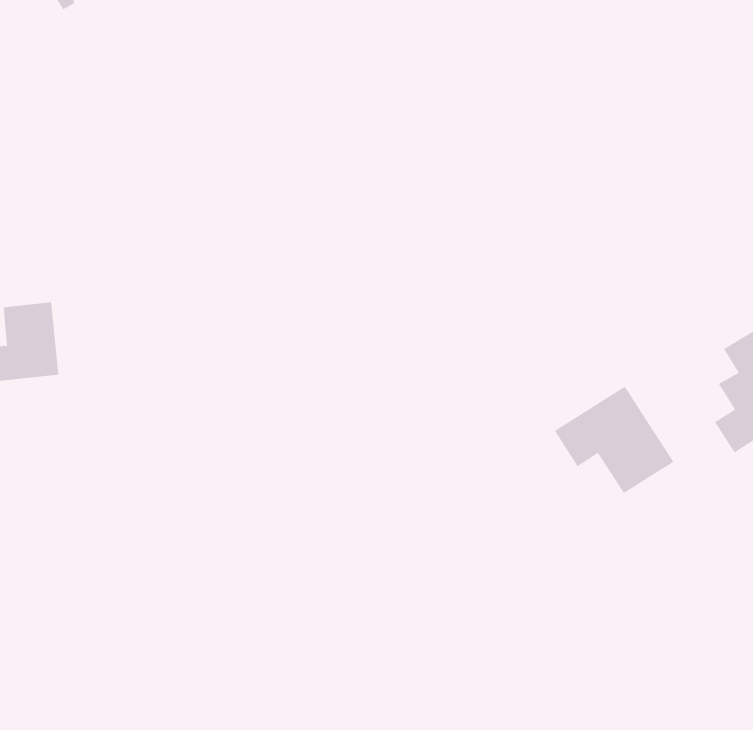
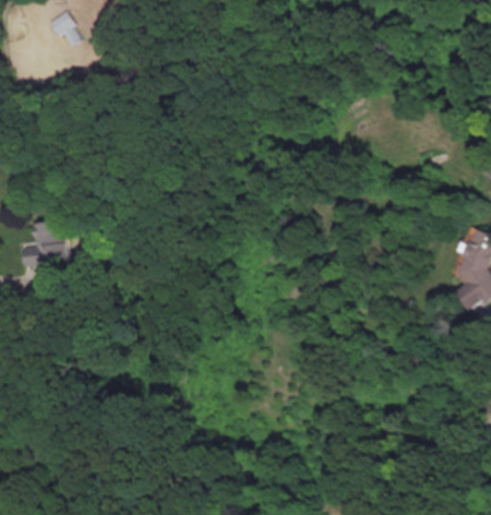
building: [554,386,674,494] -> none

